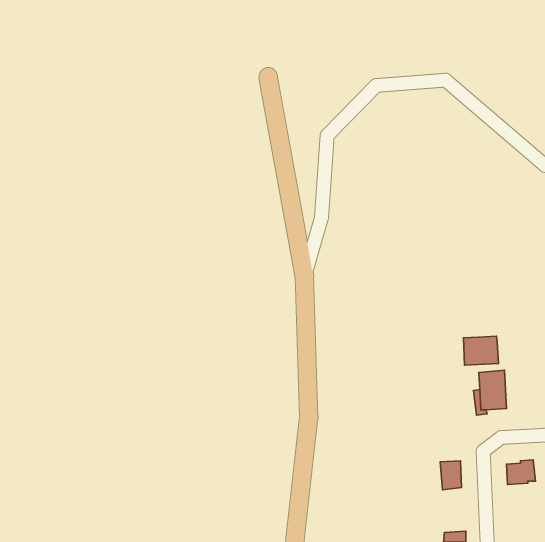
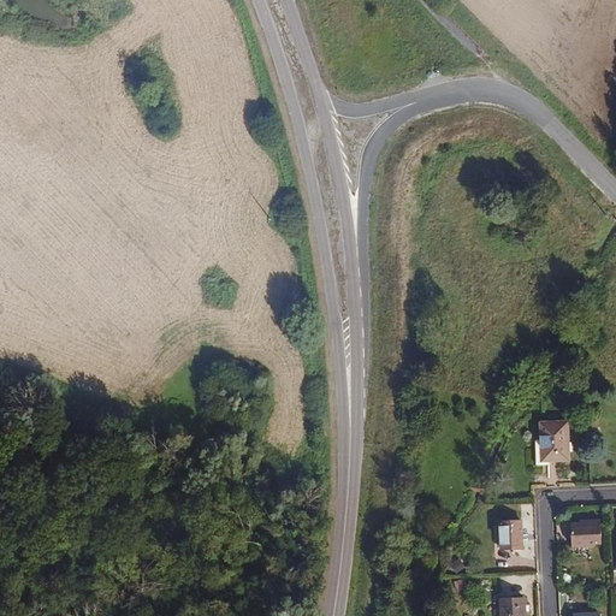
building: [464,336,498,365] -> none

